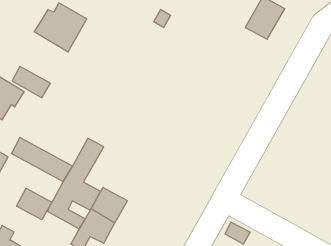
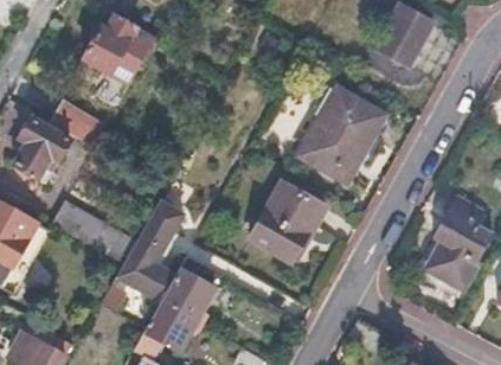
building: none -> [297,87,384,181]
building: none -> [250,181,327,262]
building: none -> [432,196,493,284]
building: [17,188,52,220] -> none

